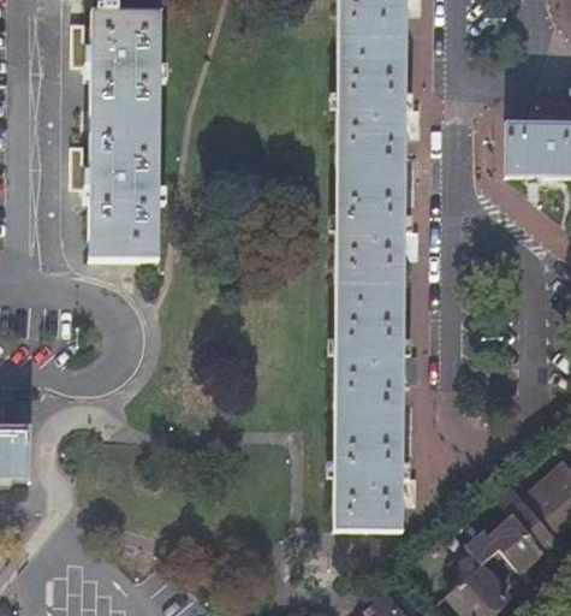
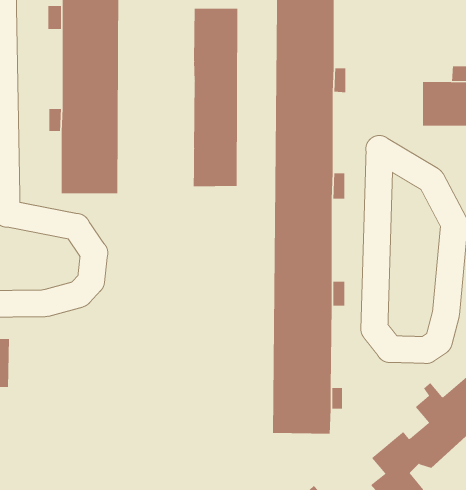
building: none -> [193,8,238,187]

